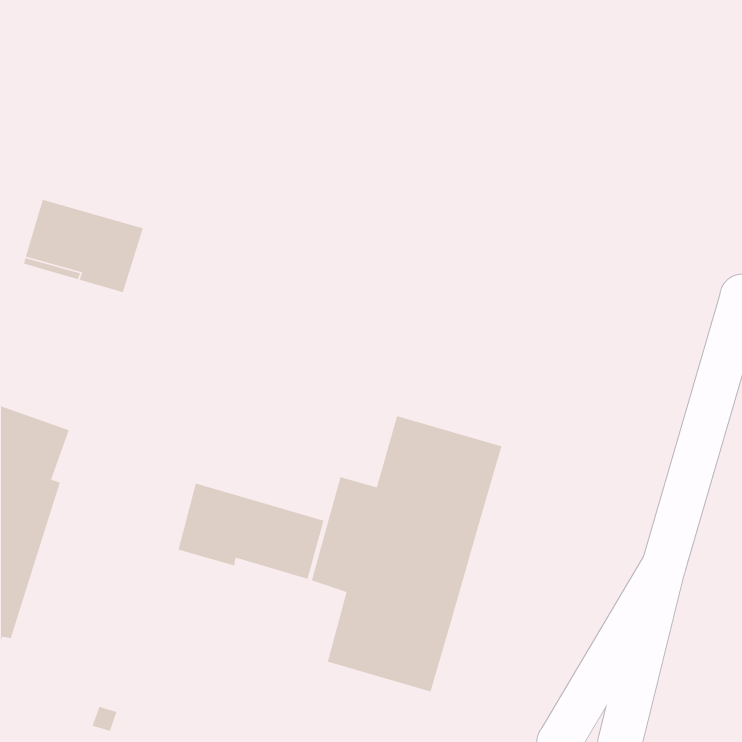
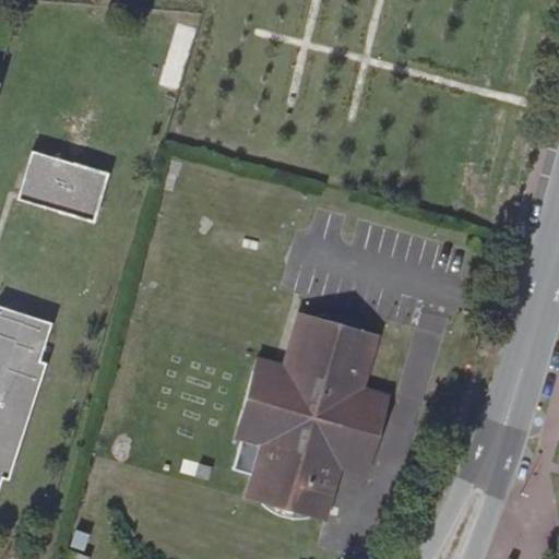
building: [178,482,324,580] -> none
building: none -> [340,388,388,475]

